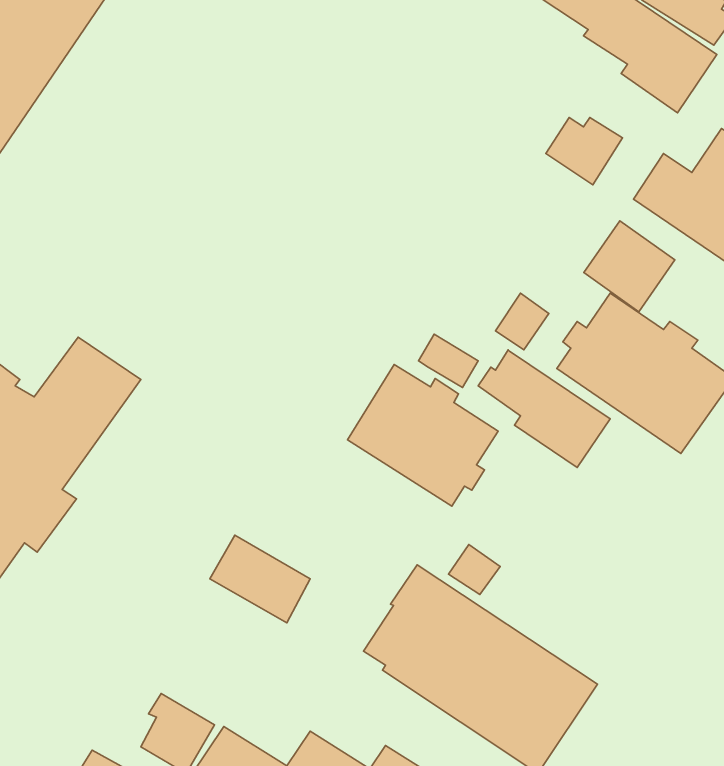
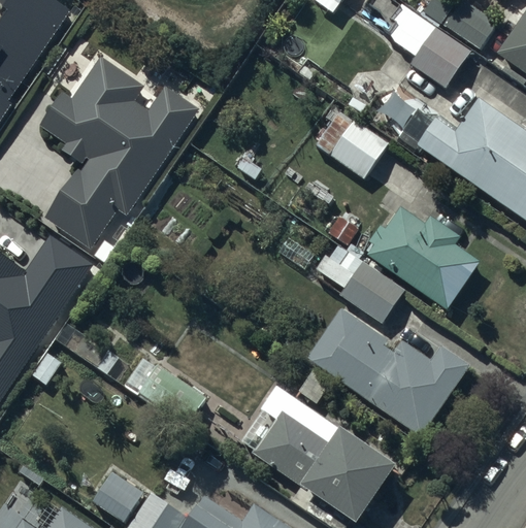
building: none -> [39,57,197,243]
building: [584,221,675,312] -> [329,120,389,179]
building: [348,365,498,506] -> none
building: none -> [306,308,470,436]

